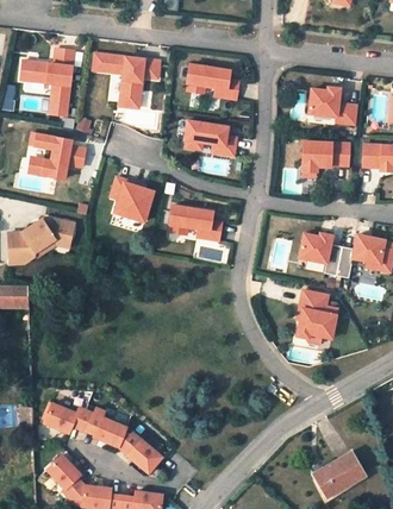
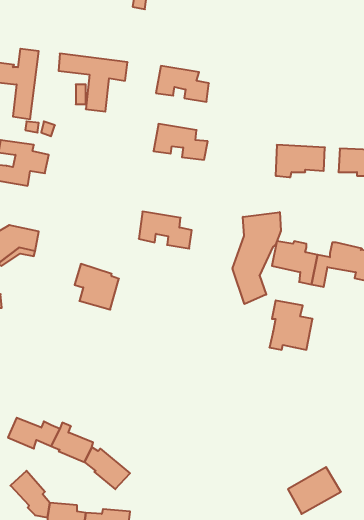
building: [308,88,356,125] -> none
building: [111,178,154,222] -> [75,264,119,310]
building: none -> [233,212,281,304]

